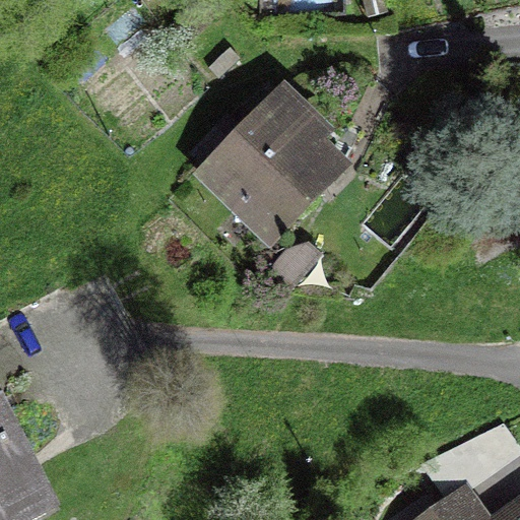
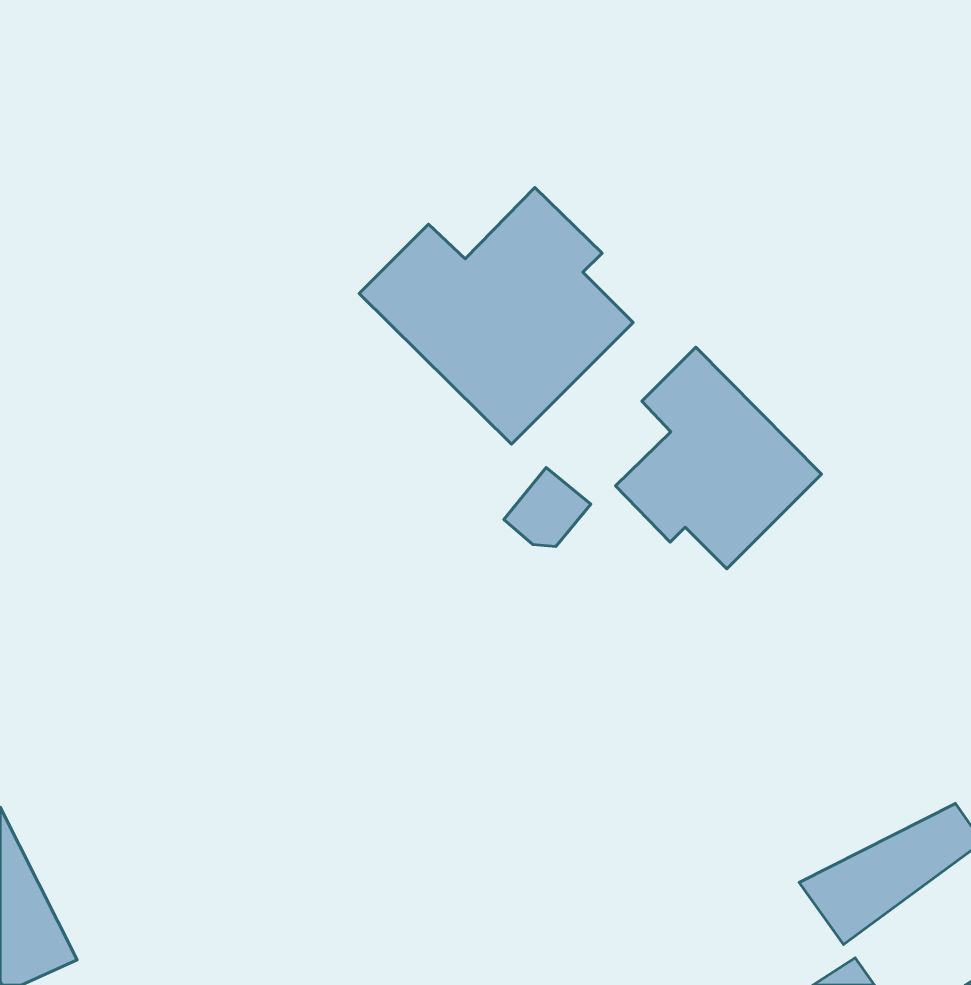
building: none -> [615,347,821,569]

